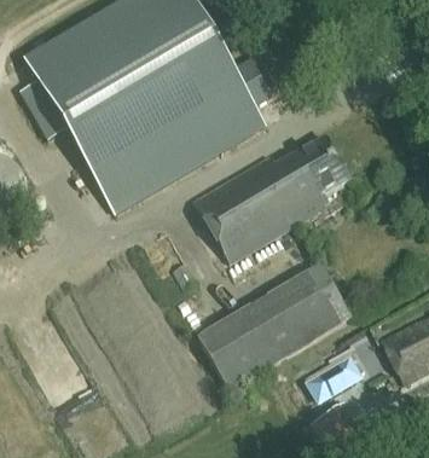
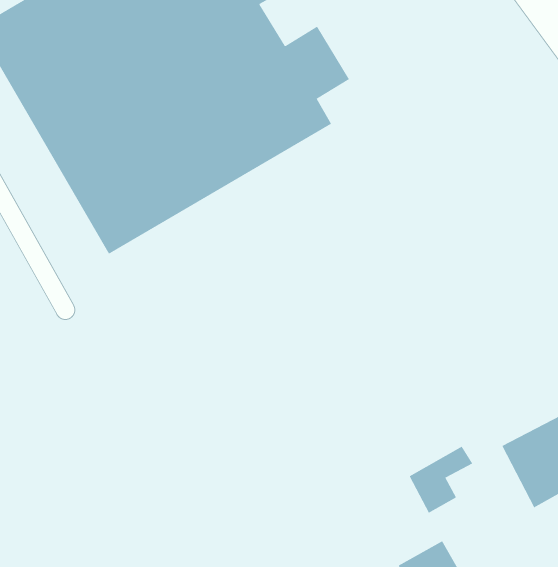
building: [195,135,350,261] -> none
building: [198,265,350,390] -> none

